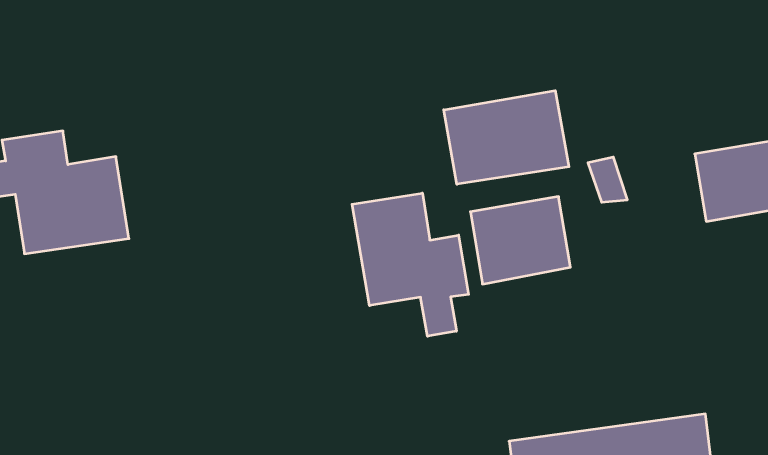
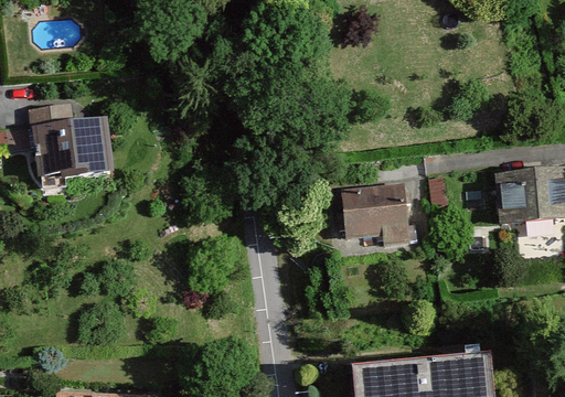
building: [444,91,569,184] -> none
building: [352,193,469,336] -> none

